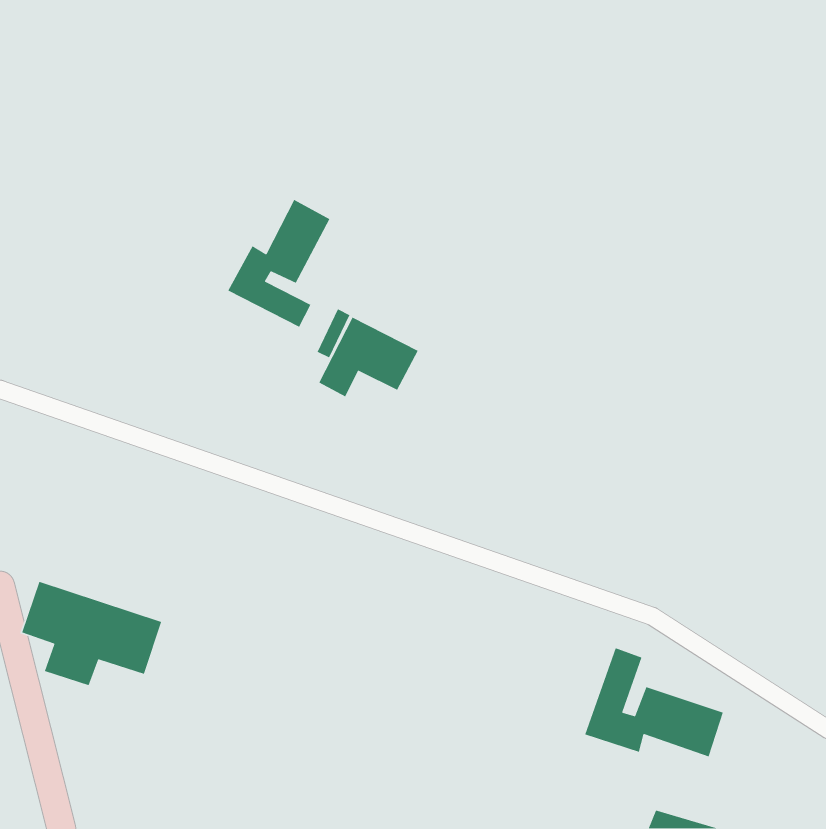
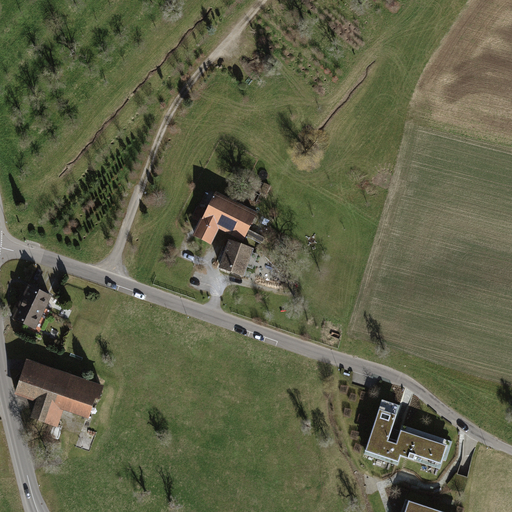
building: [227,199,331,328] -> none
building: none -> [220,243,255,280]
building: none -> [14,283,54,329]

